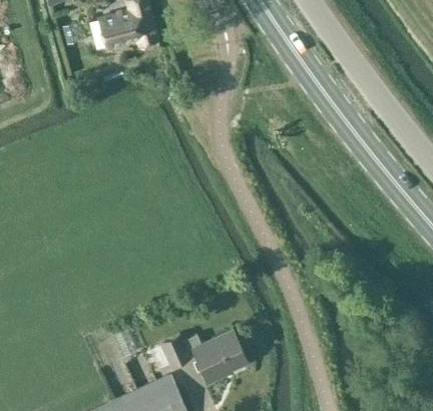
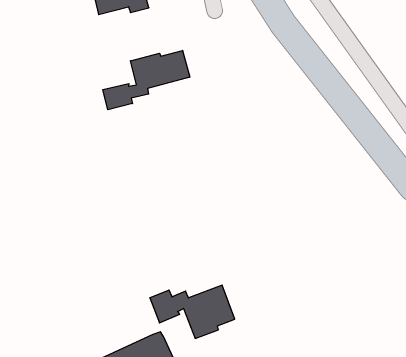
building: none -> [103,50,190,110]

